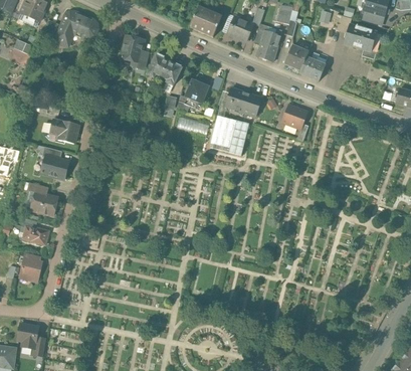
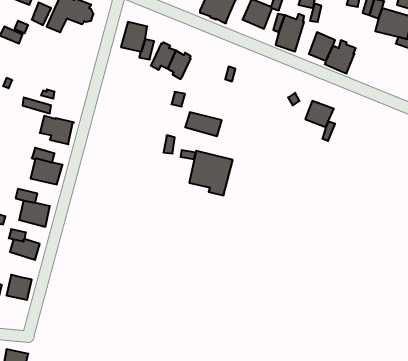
building: [183,79,207,108] -> none
building: [224,87,261,116] -> none
building: [210,115,248,154] -> [189,151,233,195]

